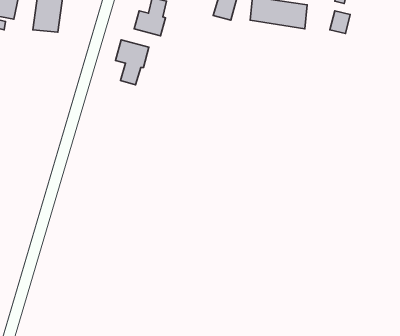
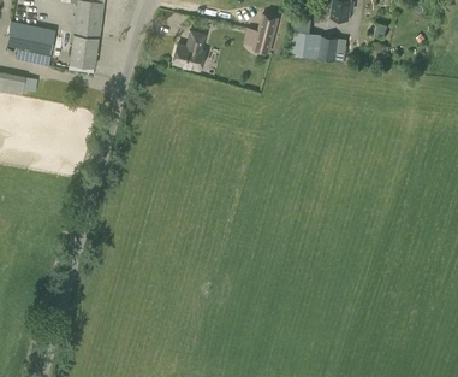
building: [116,40,149,85] -> none

